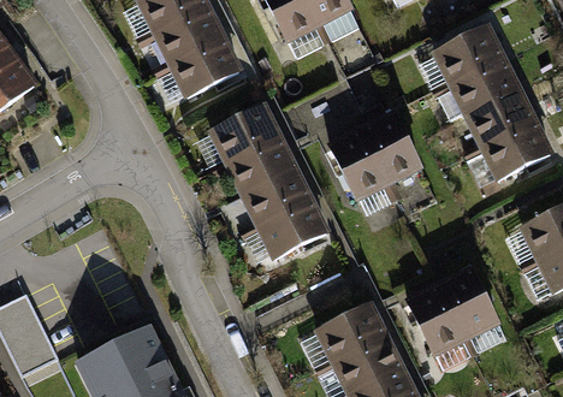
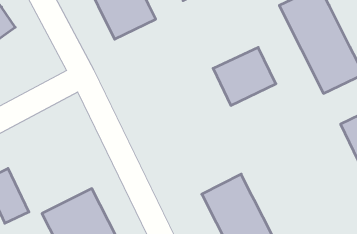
building: [209,107,327,256] -> none
building: [404,266,498,357] -> none

